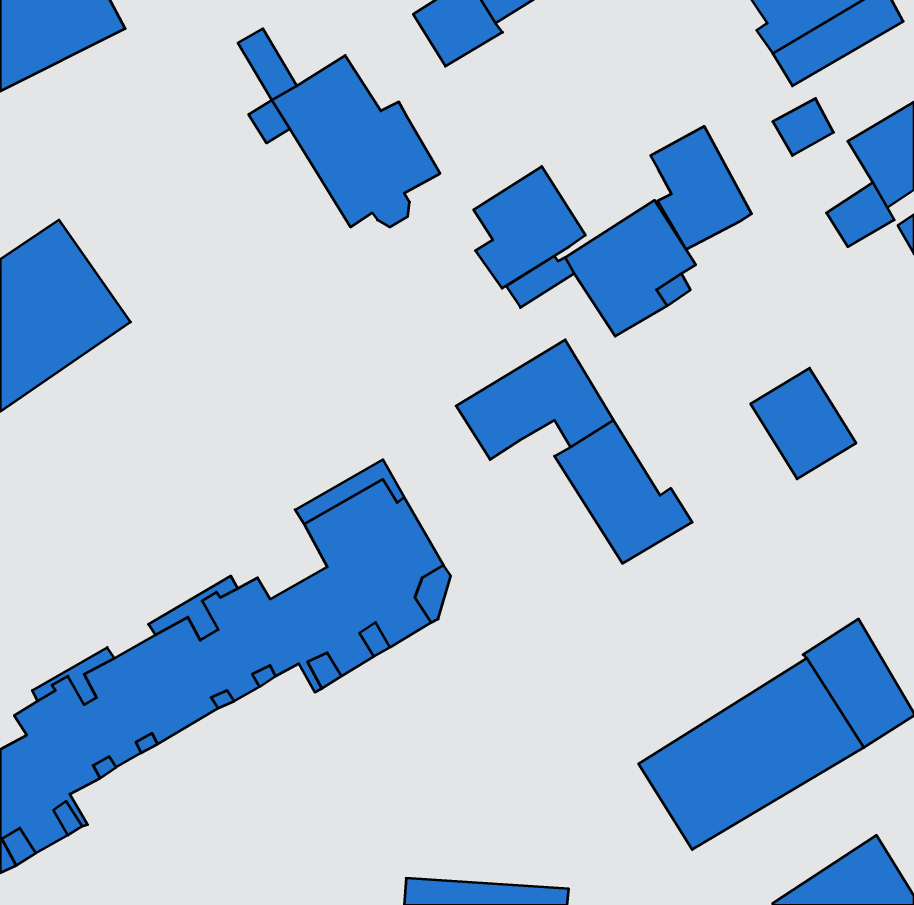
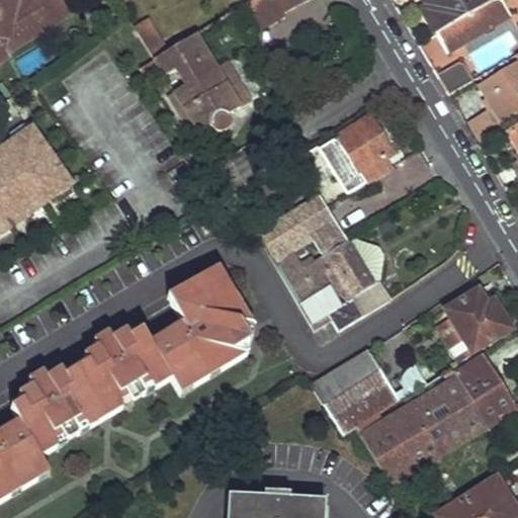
building: [651,126,752,250] -> none
building: [474,166,585,288] -> none
building: [751,368,856,479] -> [445,286,505,349]
building: none -> [277,249,352,328]
building: none -> [312,348,401,431]

